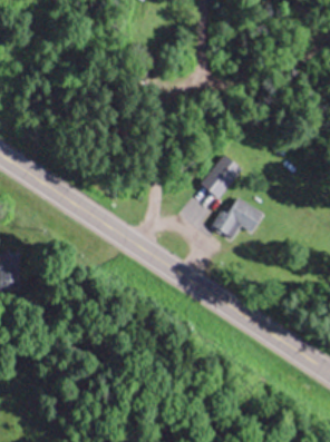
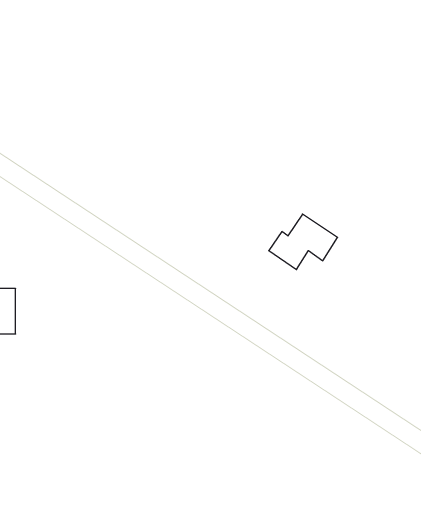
building: [198,154,242,199] -> none

